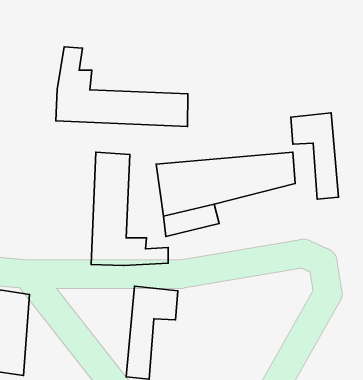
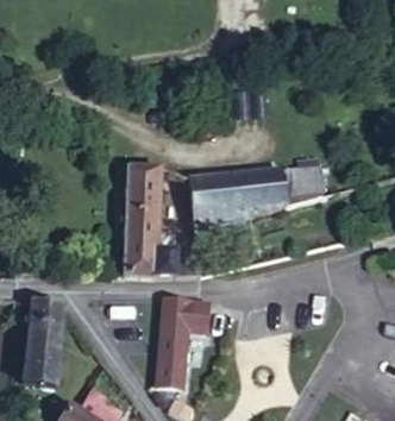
building: [56,47,188,127] -> none
building: [291,113,339,199] -> none

